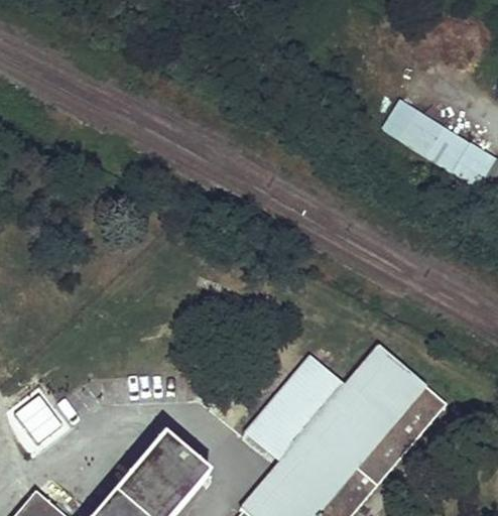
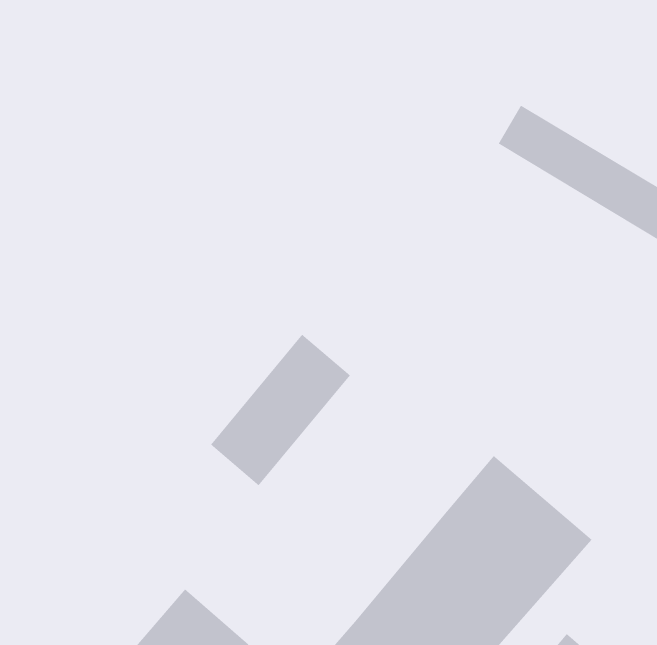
building: [245,356,344,463] -> [210,334,351,486]

